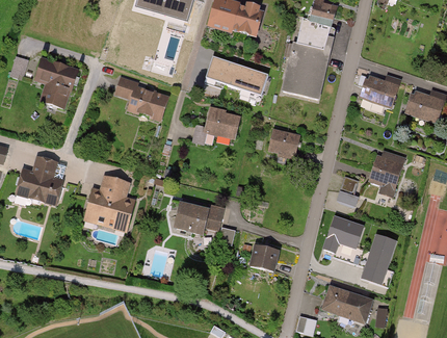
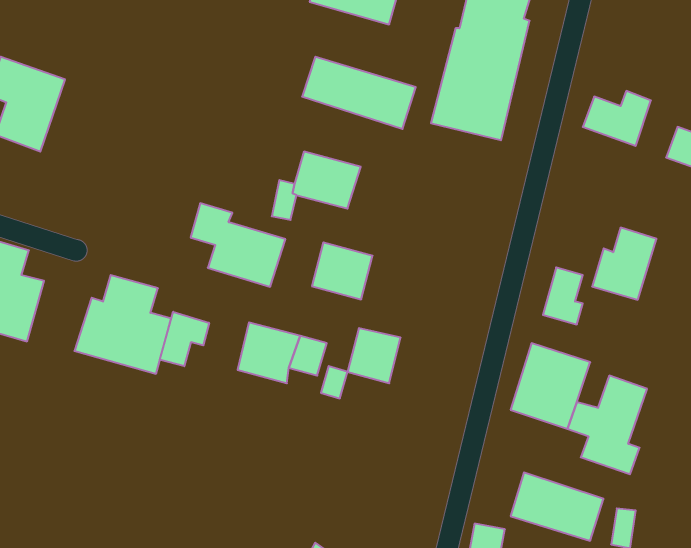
building: [115,75,167,121] -> [191,203,285,287]
building: [265,126,298,157] -> [312,242,373,299]
building: none -> [160,312,209,366]
building: [248,241,278,271] -> [348,328,401,383]

